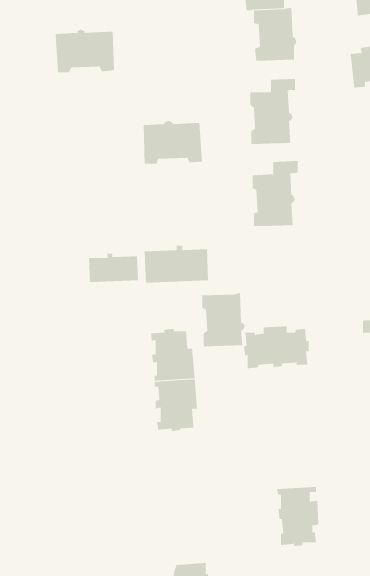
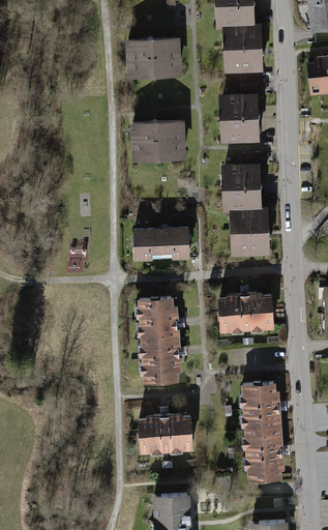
building: [55,29,115,73] -> [127,37,178,75]
building: [88,253,138,283] -> none
building: [202,293,246,347] -> [233,208,270,254]
building: none -> [242,381,279,432]
building: none -> [137,415,192,451]

